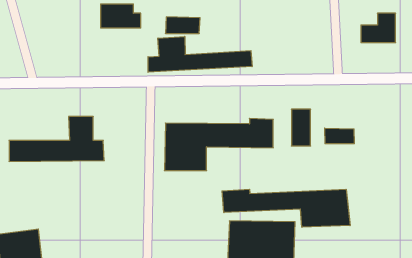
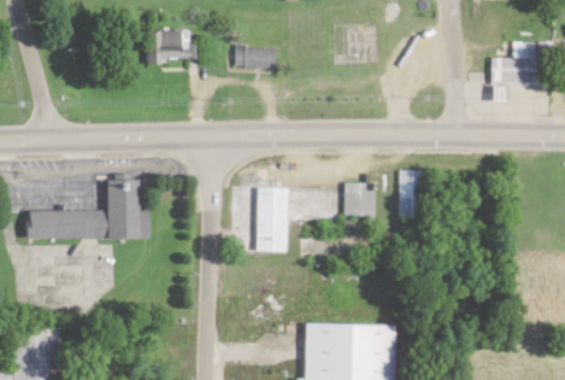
building: [148,36,252,72] -> none
building: [325,128,354,144] -> none
building: [222,189,350,227] -> none

